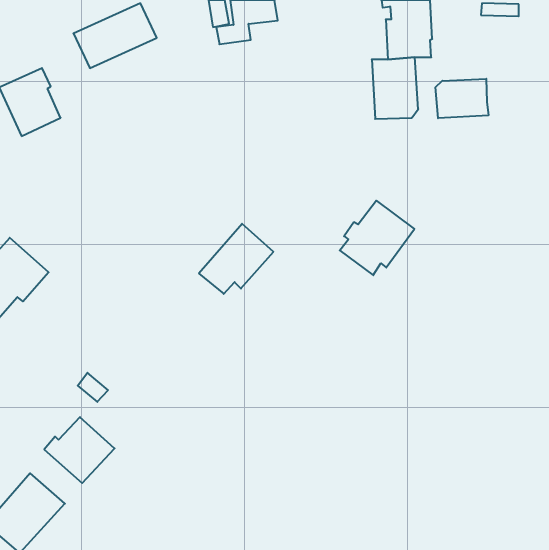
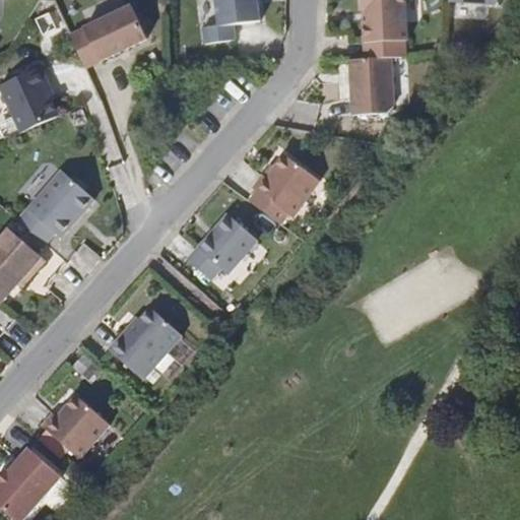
building: [436,79,488,118] -> none
building: none -> [17,170,93,243]
building: [340,201,414,275] -> [249,153,319,223]
building: none -> [109,306,181,378]

